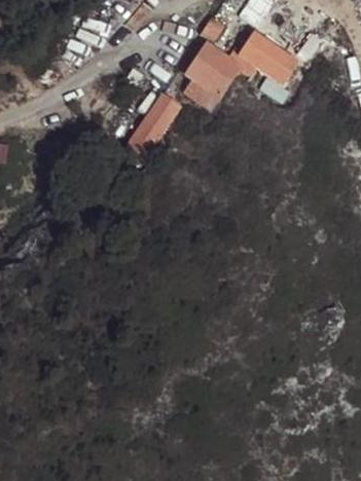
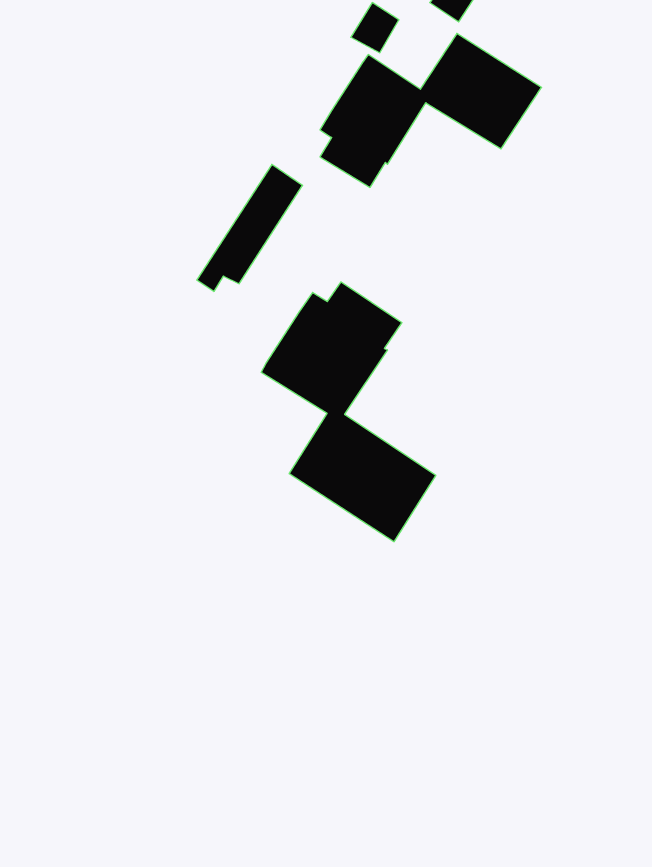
building: none -> [261,282,436,542]

